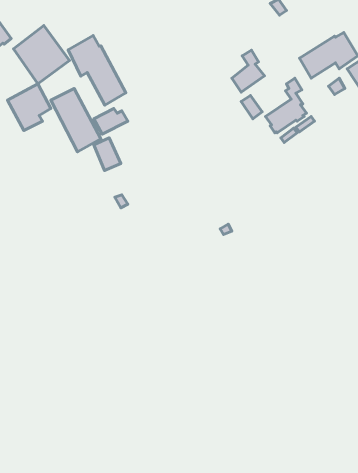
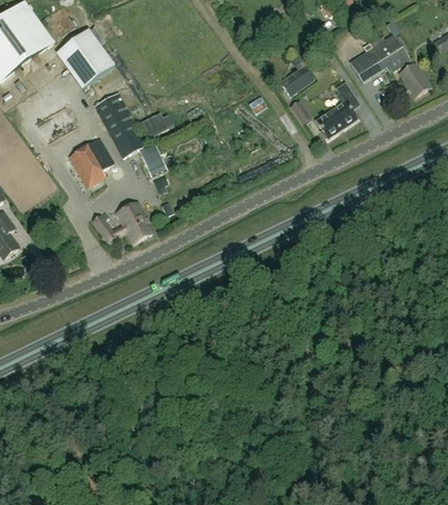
building: [68,36,126,105] -> none
building: [8,84,51,131] -> [69,138,114,185]
building: none -> [92,200,155,243]

